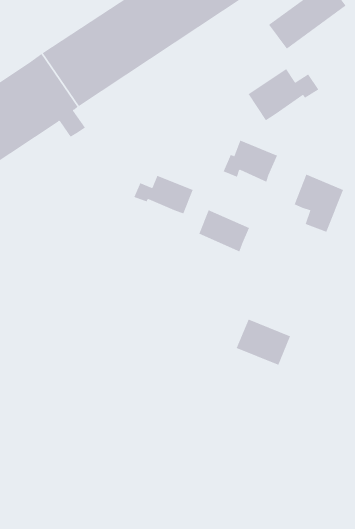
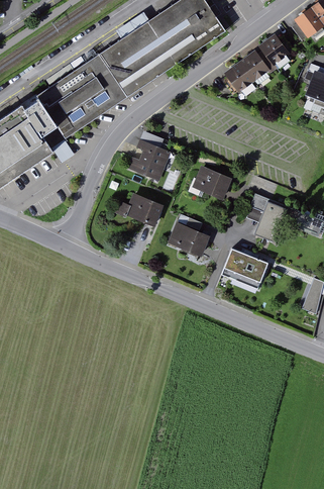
building: [248,68,319,121] -> none
building: none -> [124,139,168,181]
building: [236,319,291,365] -> [223,250,268,288]

